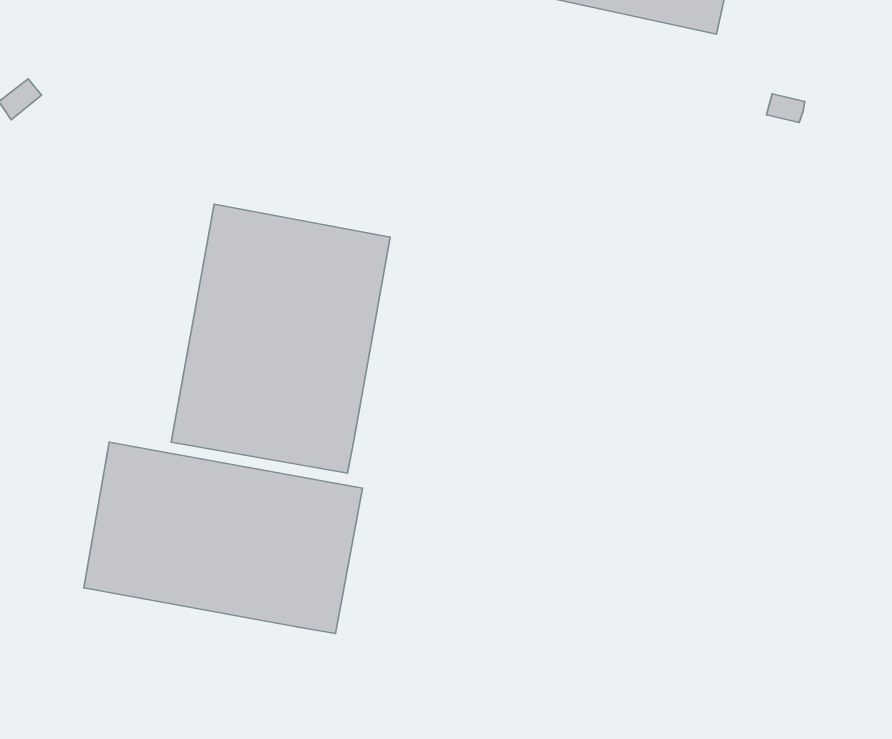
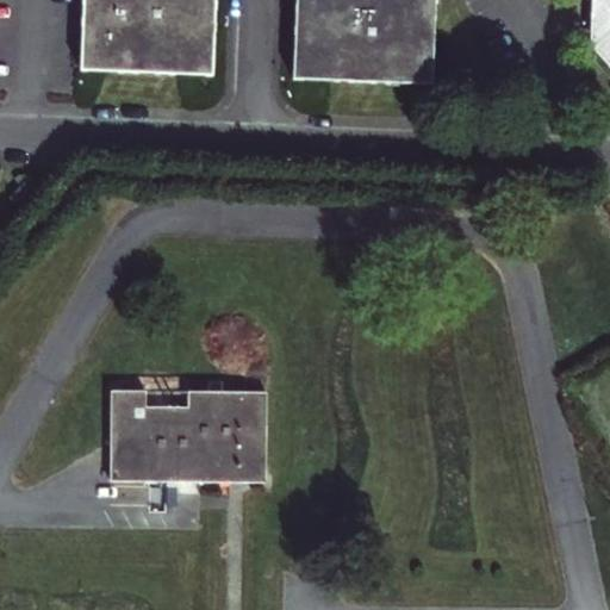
building: [171,204,390,473] -> none

